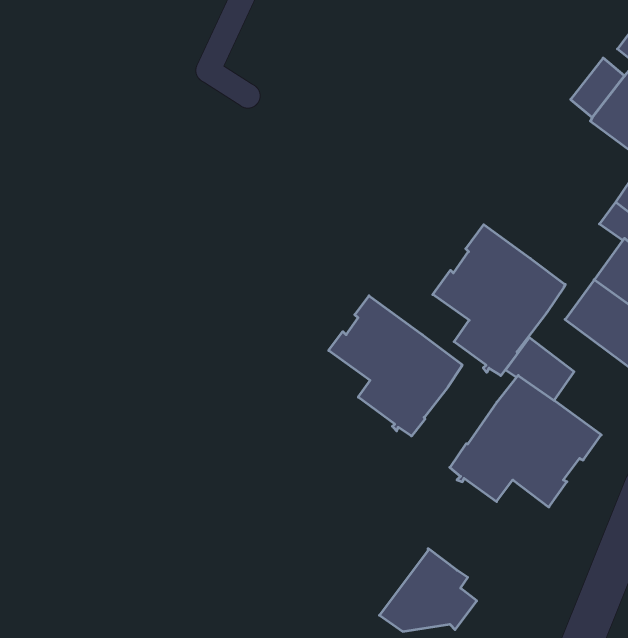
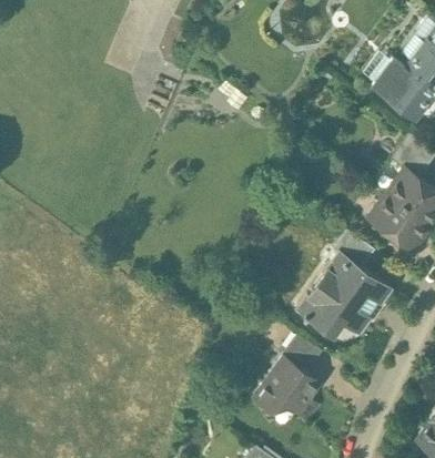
building: [433,225,565,376] -> none
building: [329,296,462,436] -> none
building: none -> [281,337,322,374]

